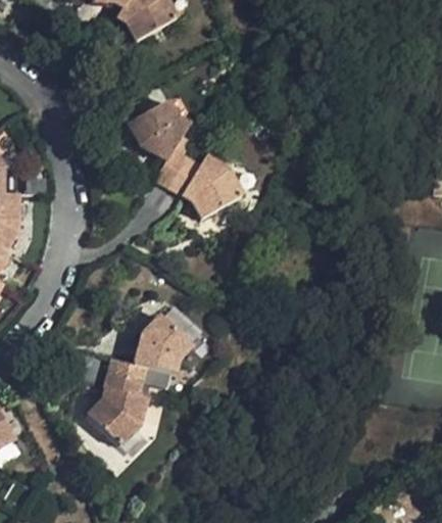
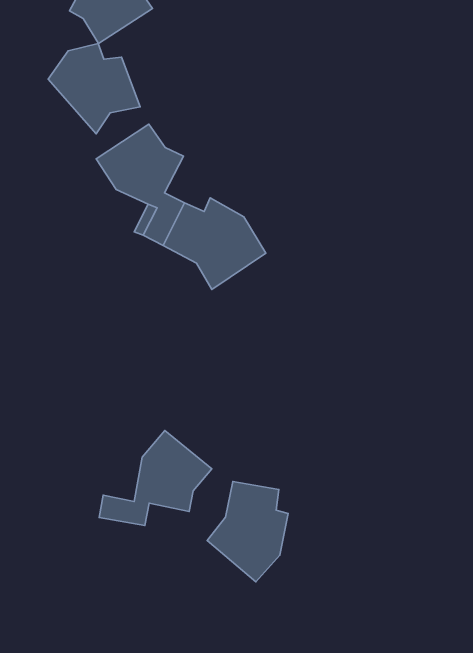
building: none -> [48,43,140,134]
building: [88,372,146,443] -> [207,482,288,582]

